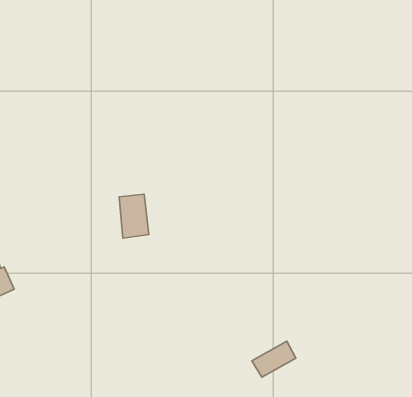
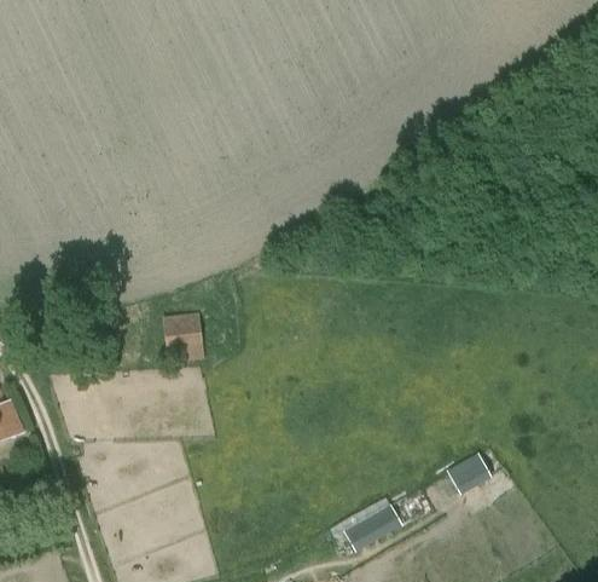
building: none -> [447,454,490,494]

